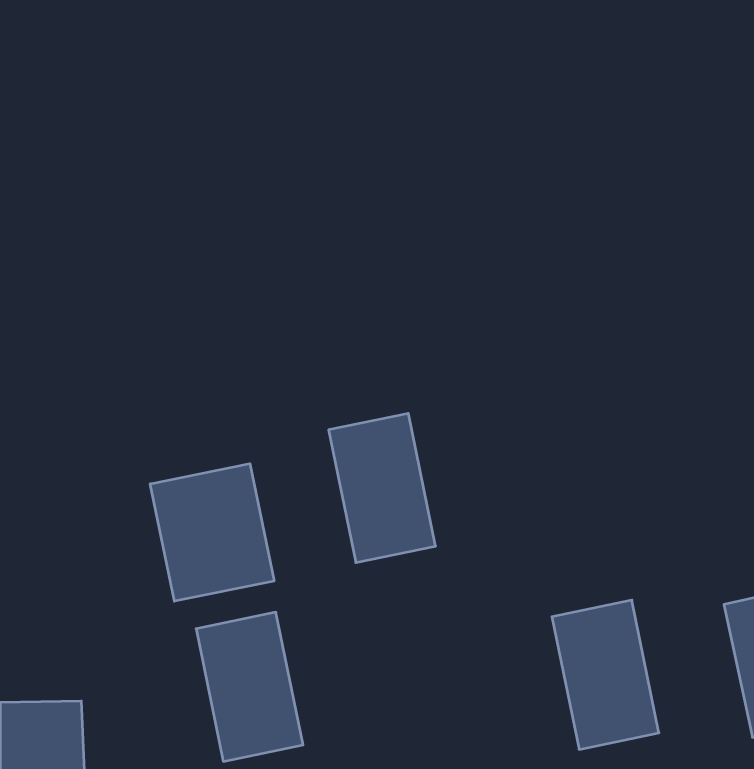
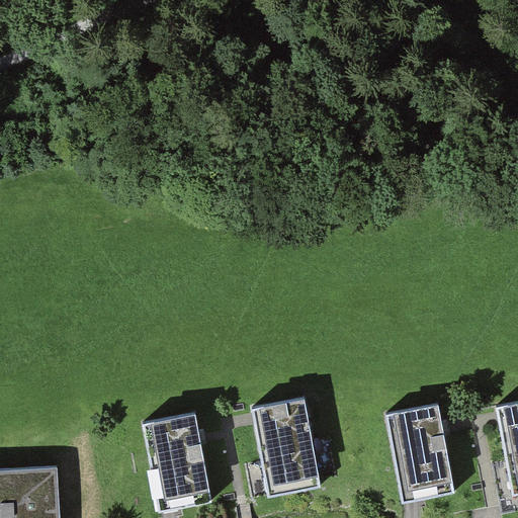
building: [329,413,436,563] -> [249,393,321,493]
building: [150,464,274,601] -> none

